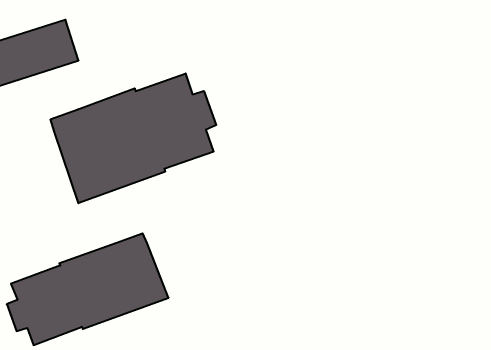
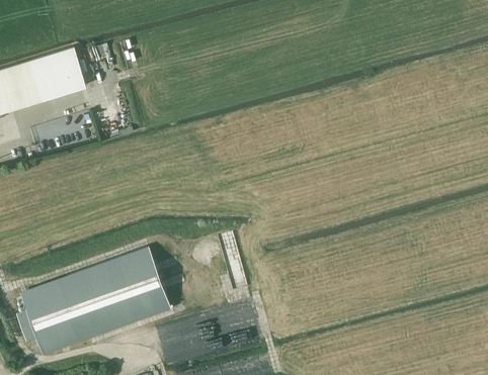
building: [51,73,216,203] -> none

